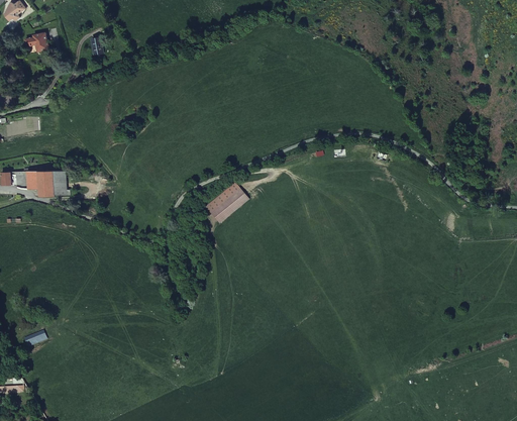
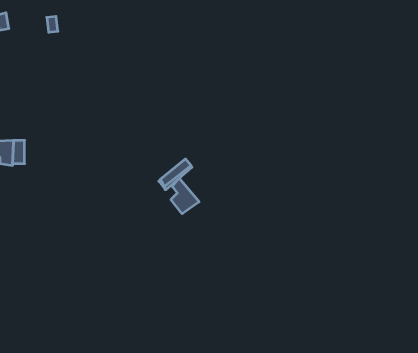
building: none -> [171,178,199,214]

